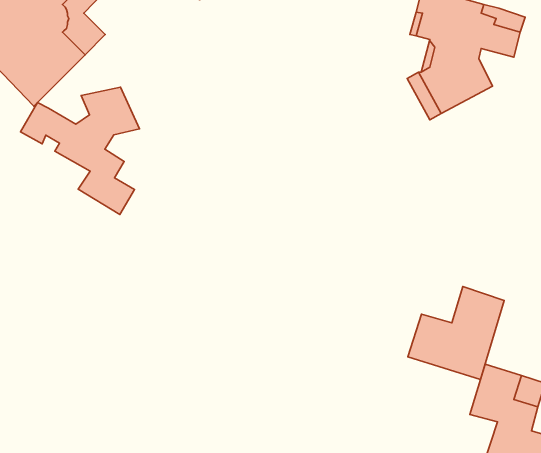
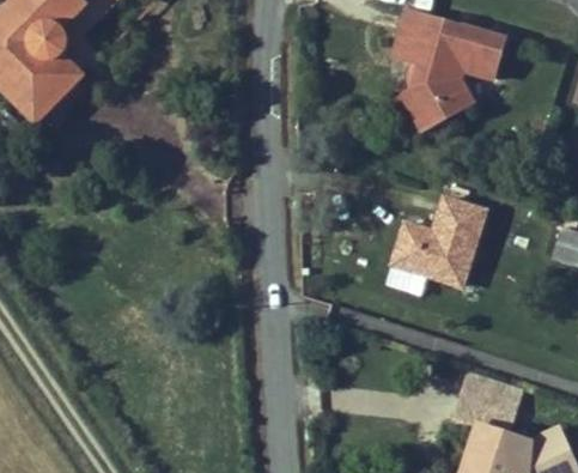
building: [21,87,139,214] -> none
building: [408,287,504,379] -> [391,196,483,285]

